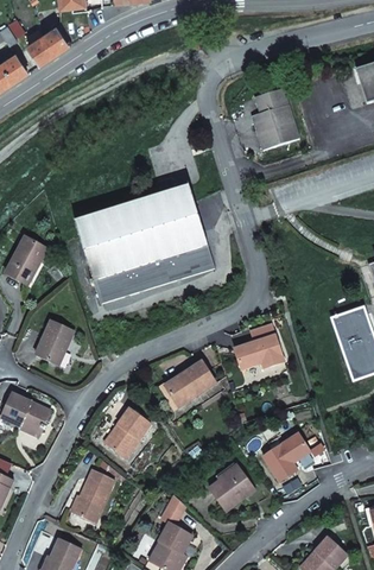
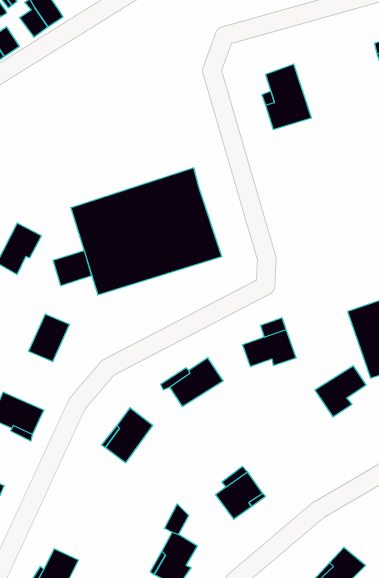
building: none -> [53,250,92,286]
building: [262,433,310,481] -> [315,366,366,417]
building: [72,469,114,522] -> none

